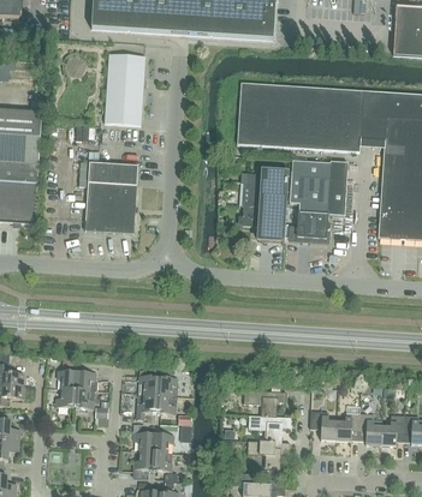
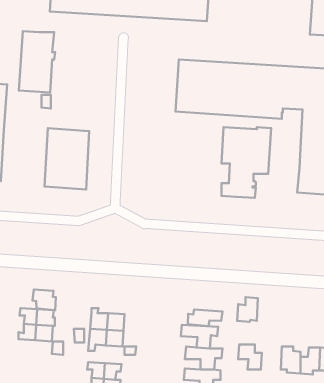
building: [105,54,147,125] -> [19,31,55,93]
building: [238,168,289,242] -> none
building: none -> [33,290,56,310]
building: none -> [188,309,223,326]
building: [335,413,359,442] -> [237,297,258,322]

